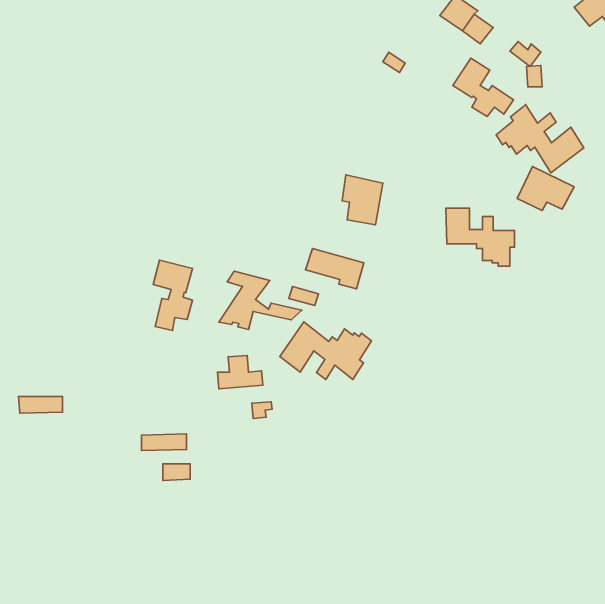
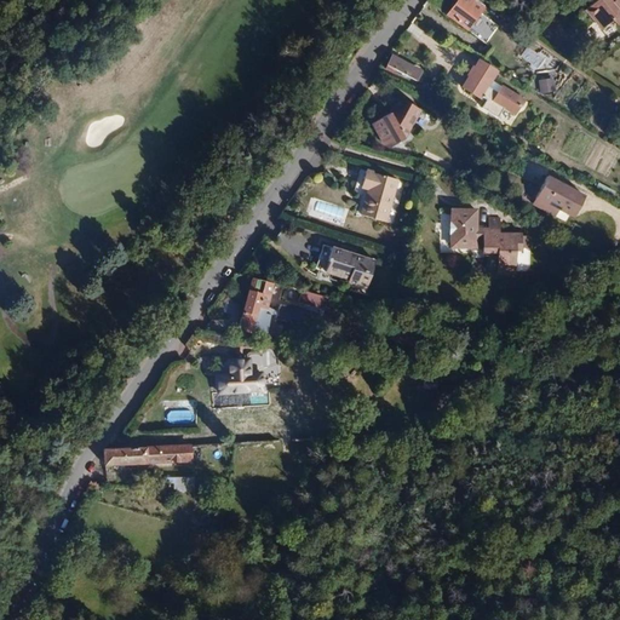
building: none -> [373,97,423,147]
building: [496,105,584,173] -> none
building: [153,260,192,330] -> none
building: [280,322,372,379] -> none
building: [19,397,63,413] -> [102,443,147,460]

